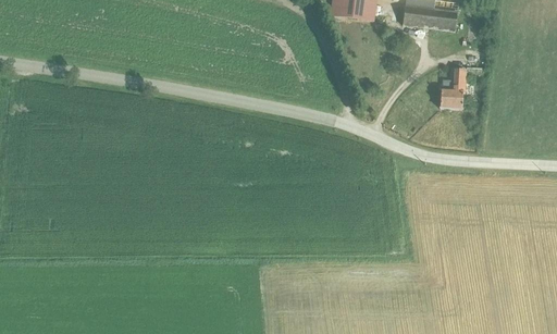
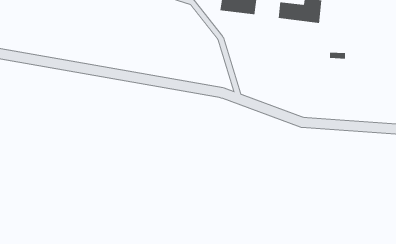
building: [440,65,465,108] -> none

